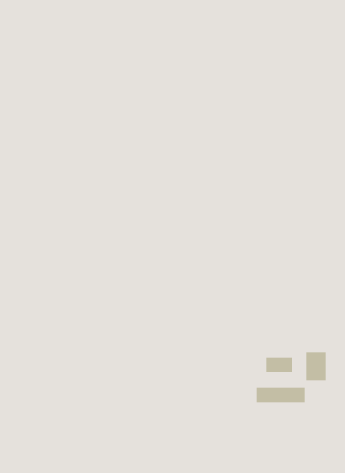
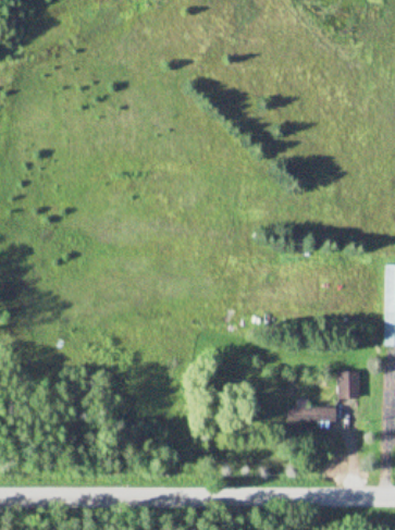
building: [266,357,292,373] -> none

